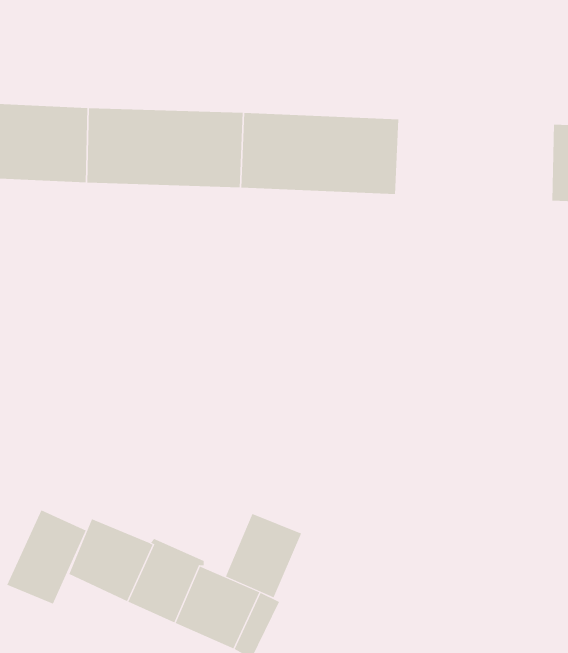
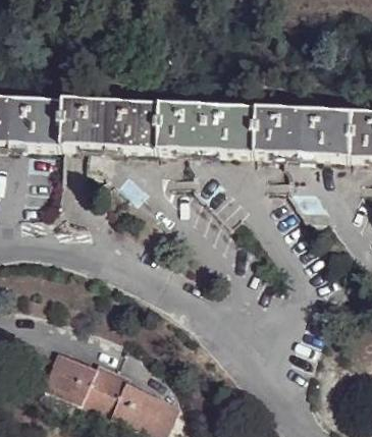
building: none -> [249,104,347,155]
building: [7,509,86,605] -> none
building: [225,513,302,598] -> none

